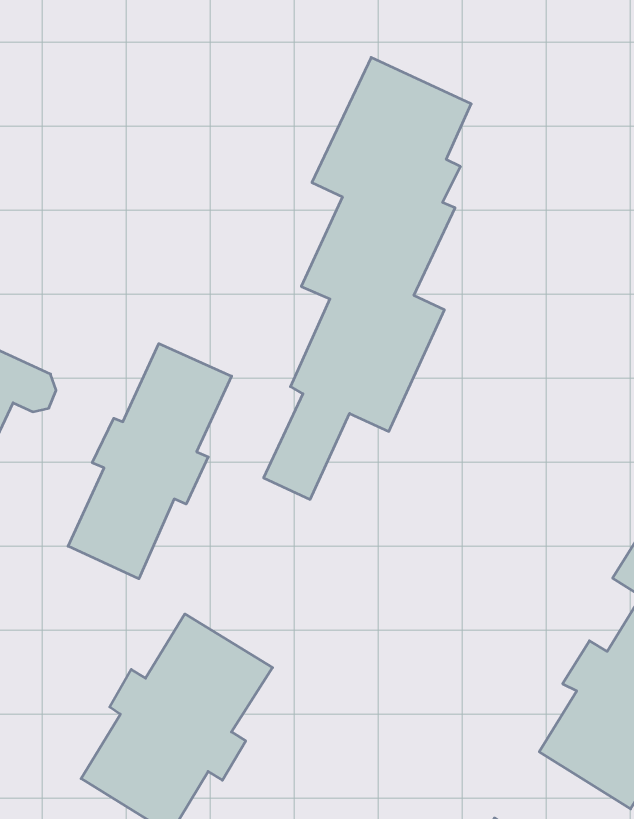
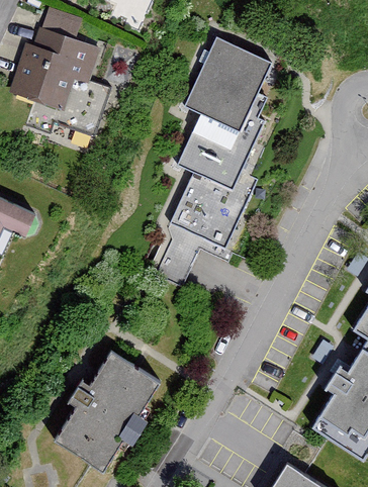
building: none -> [12,8,110,133]
building: [68,344,232,579] -> none

